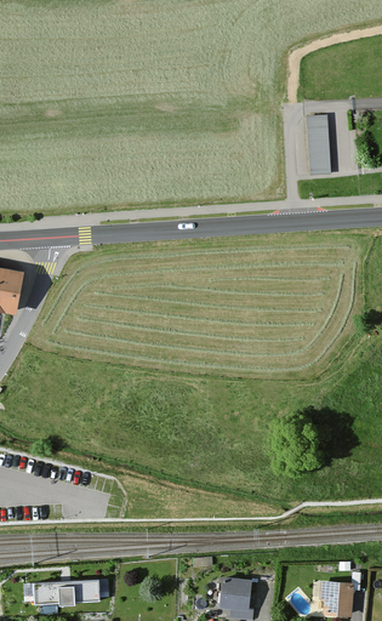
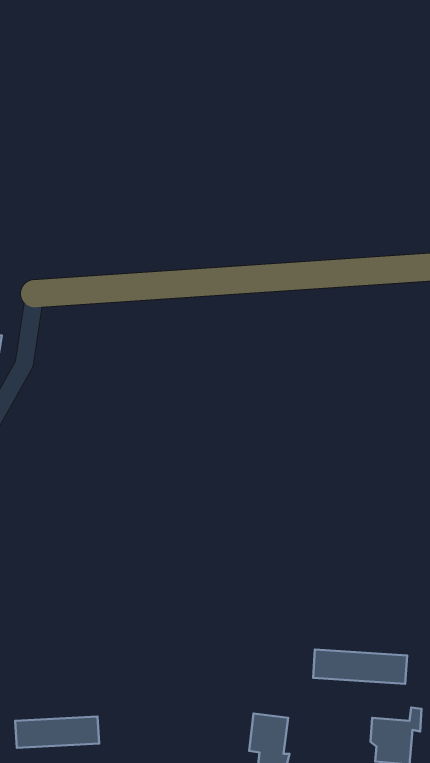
building: [307,119,330,176] -> none
building: none -> [313,649,407,684]

